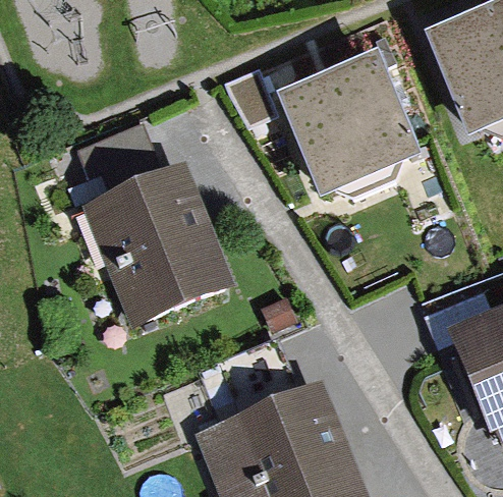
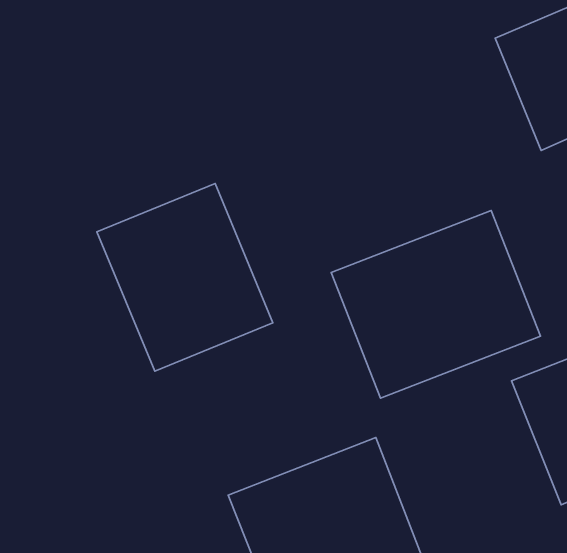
building: [277,53,413,189] -> none
building: none -> [331,211,540,398]

